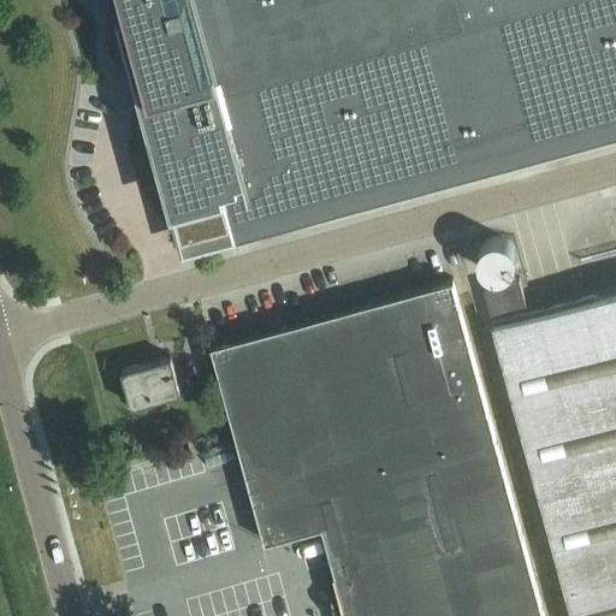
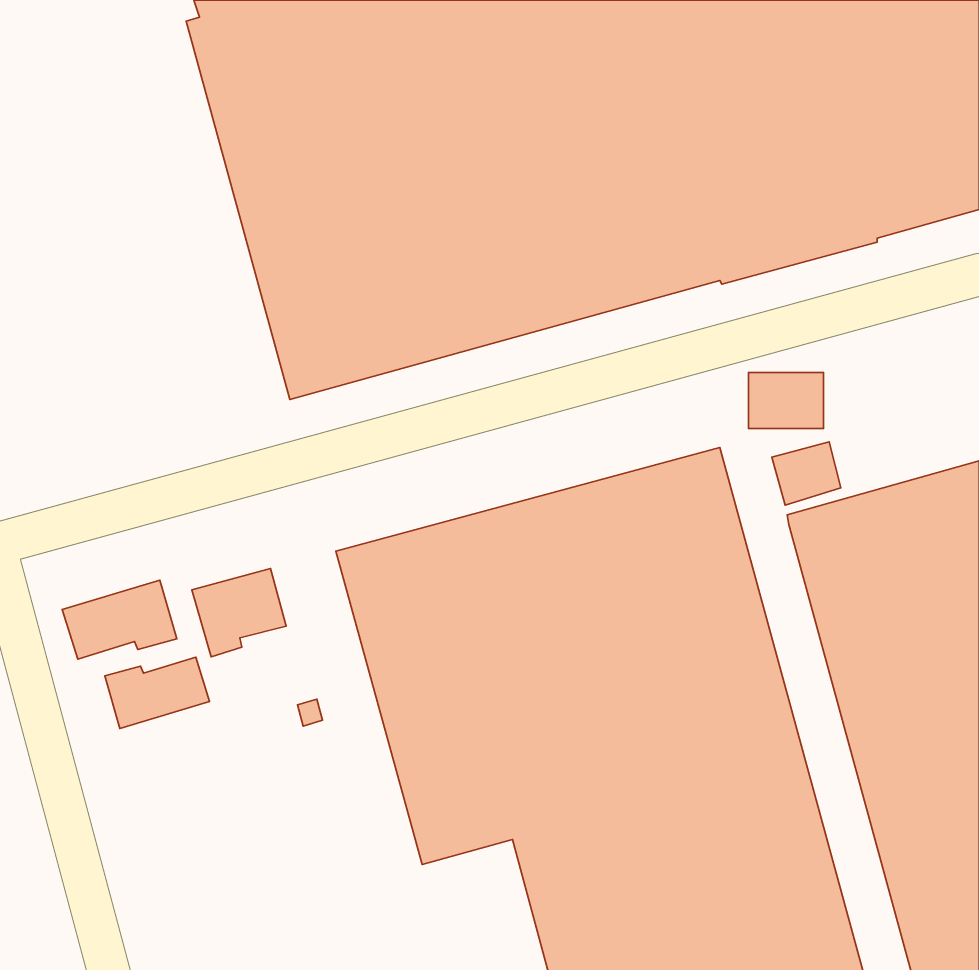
building: none -> [62,580,177,659]
building: none -> [105,657,210,728]

